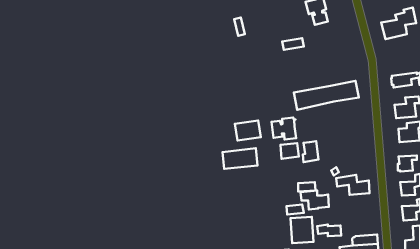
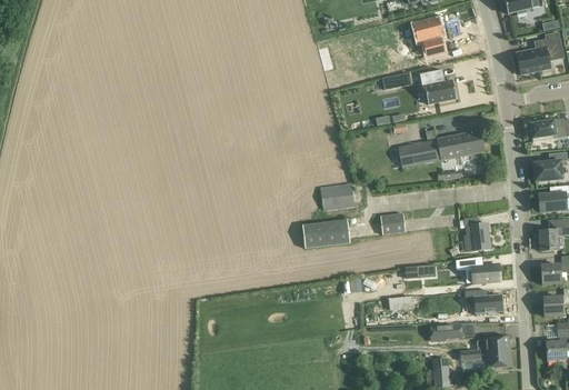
building: none -> [420,69,457,103]
building: [271,118,296,140] -> none
building: [303,141,319,162] -> [470,223,491,251]
building: [301,190,329,209] -> [465,289,502,314]
building: [291,217,313,243] -> none

